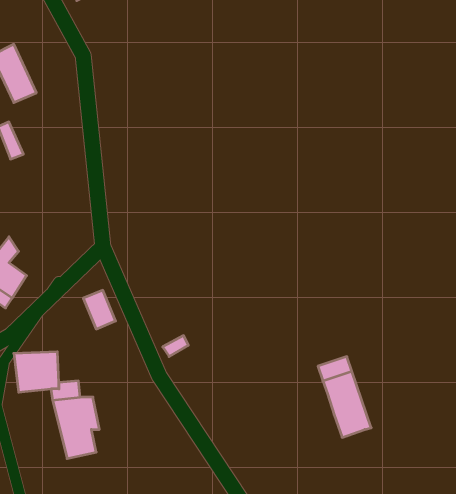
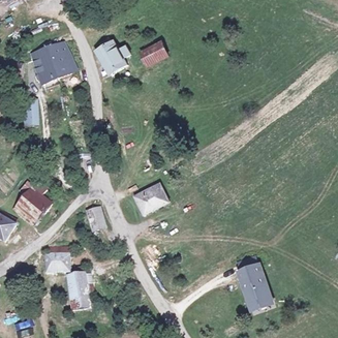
building: none -> [41,41,76,81]
building: none -> [139,41,168,67]
building: none -> [94,42,129,73]
building: none -> [133,182,165,211]

